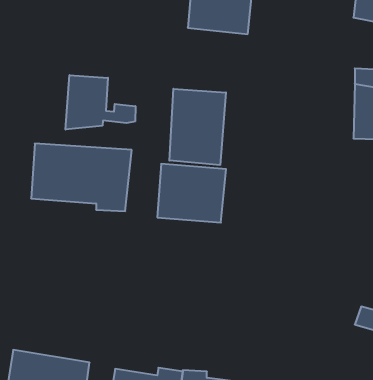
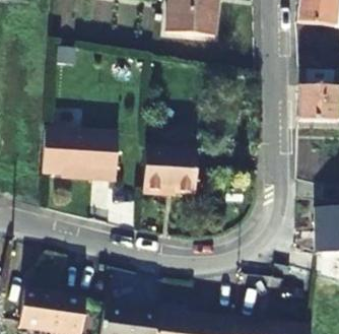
building: [66,75,135,130] -> none
building: [169,89,226,165] -> none

